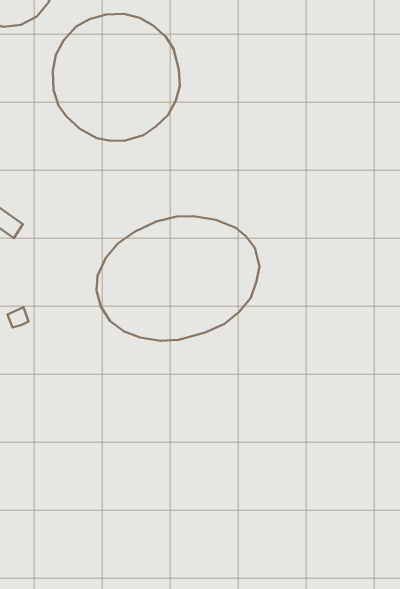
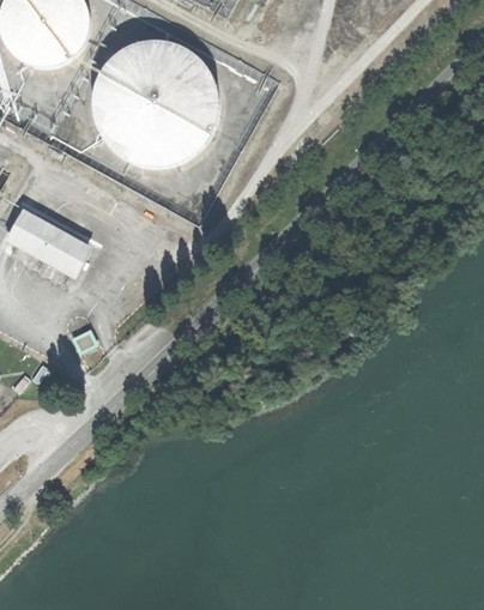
building: [97,216,260,341] -> none

